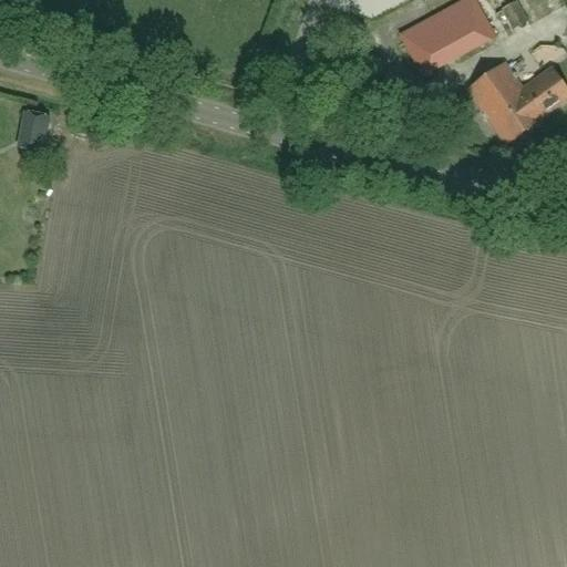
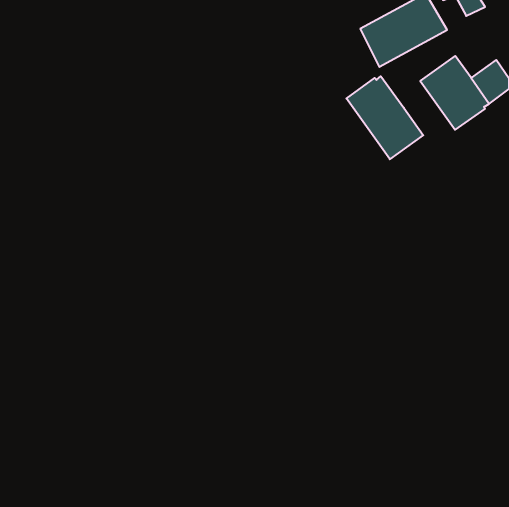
building: none -> [346,76,423,159]
building: [19,111,50,151] -> none

